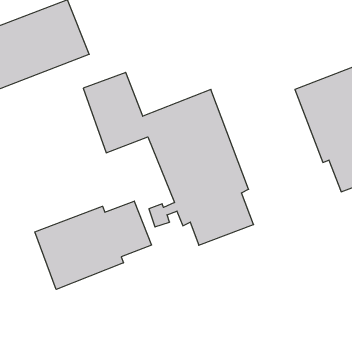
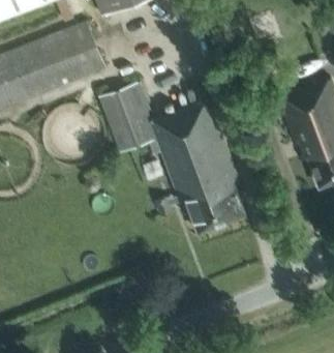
building: [35,201,151,289] -> none

